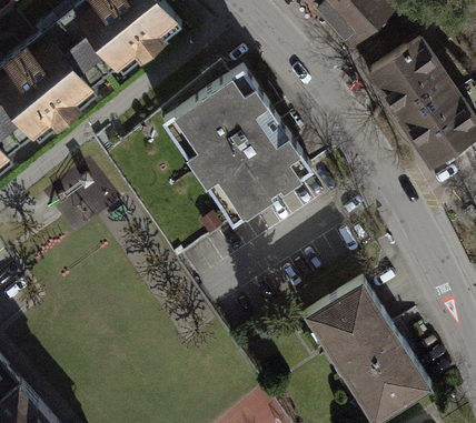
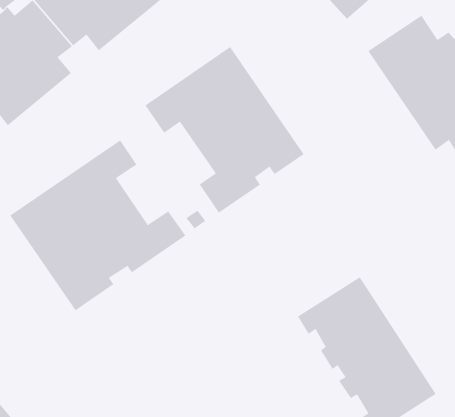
building: none -> [10,140,186,311]

